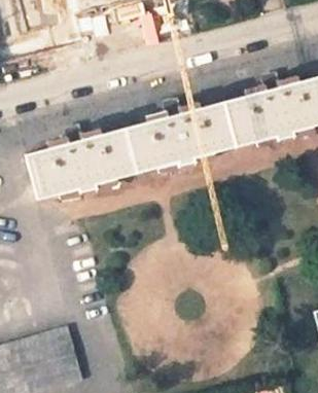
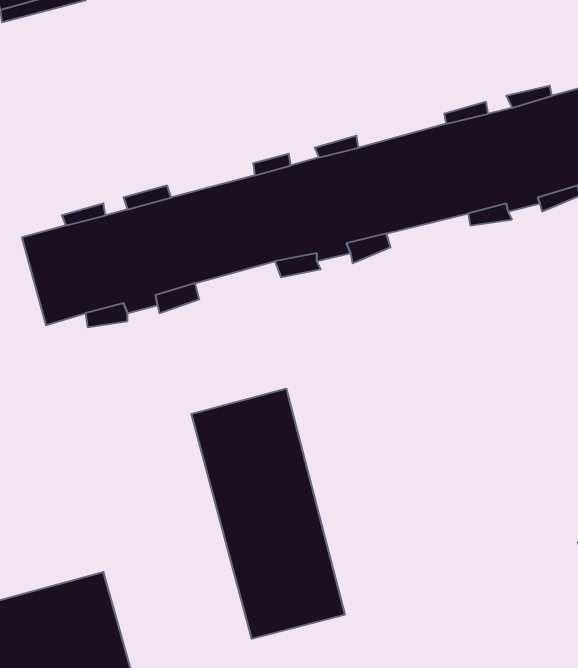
building: none -> [192,389,345,639]

